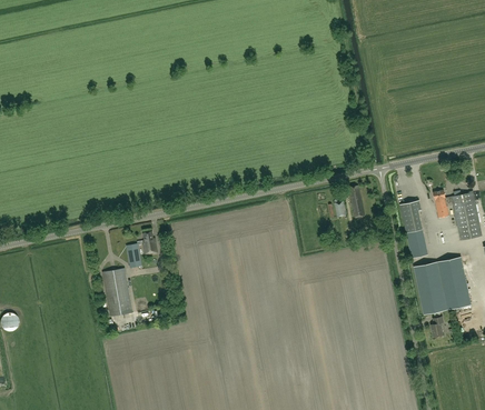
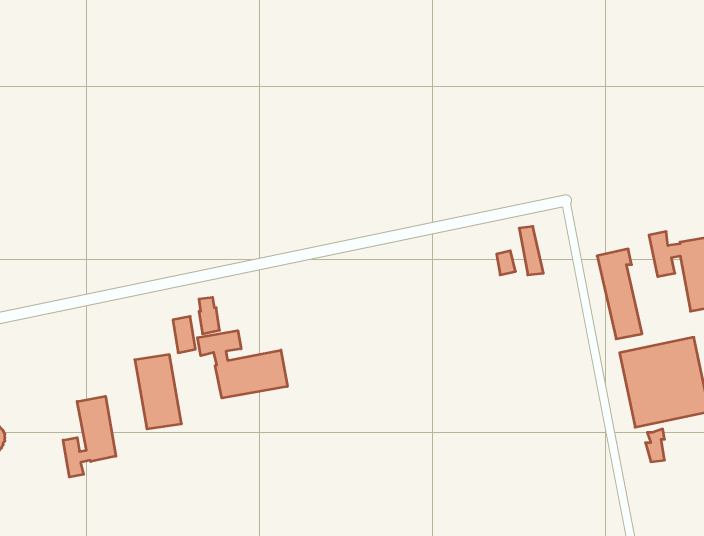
building: none -> [197,331,287,398]
building: none -> [63,396,116,477]

